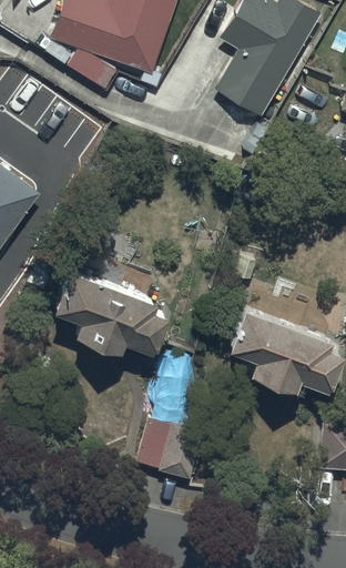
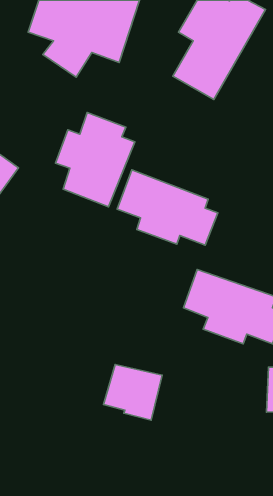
building: none -> [55,113,135,207]
building: [53,270,167,355] -> [117,170,218,245]

